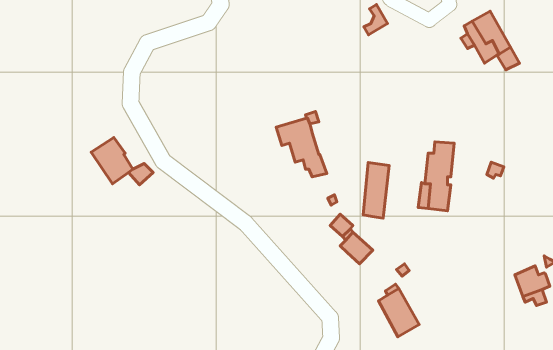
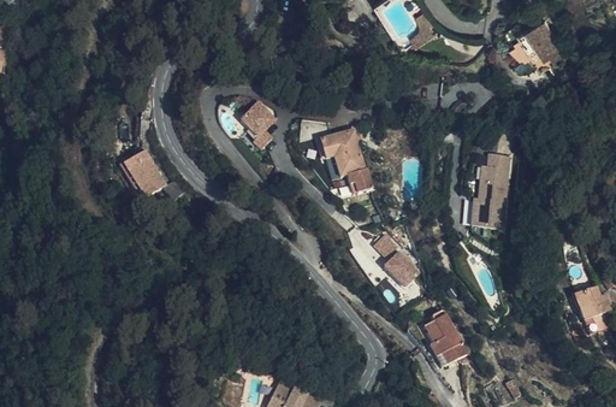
building: none -> [241,102,274,148]
building: [363,163,389,218] -> none

